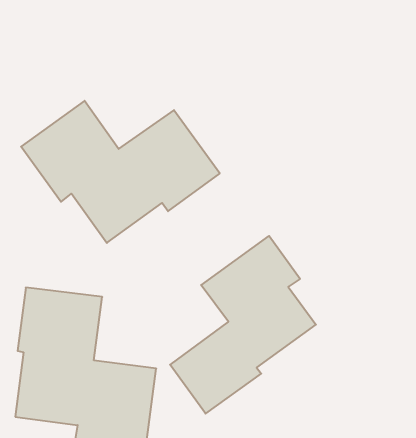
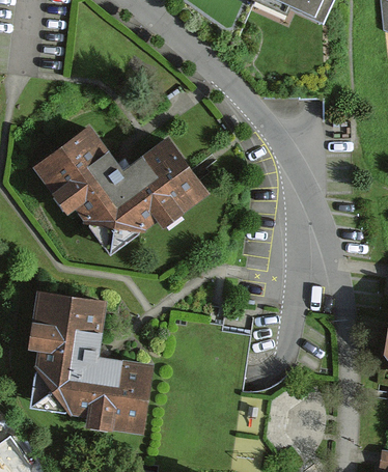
building: [170,236,316,414] -> none

